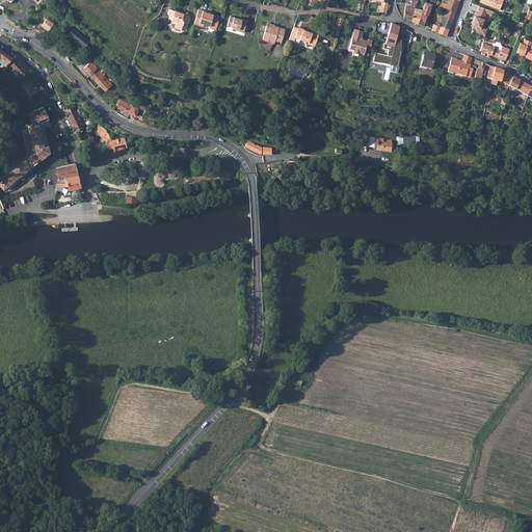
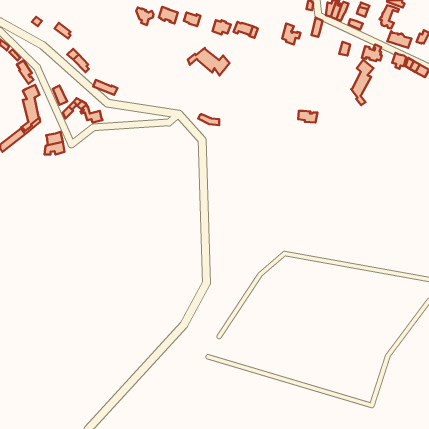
building: [372,39,400,65] -> none
building: none -> [188,48,230,75]
building: none -> [351,60,373,105]

